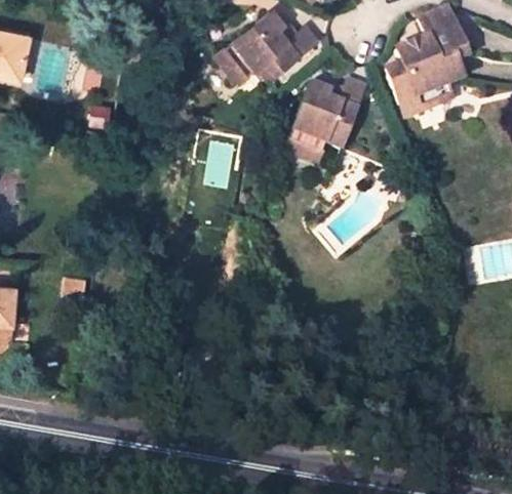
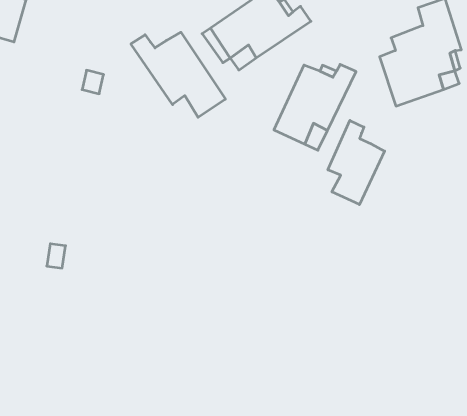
building: none -> [131,32,225,117]
building: none -> [328,120,385,205]

